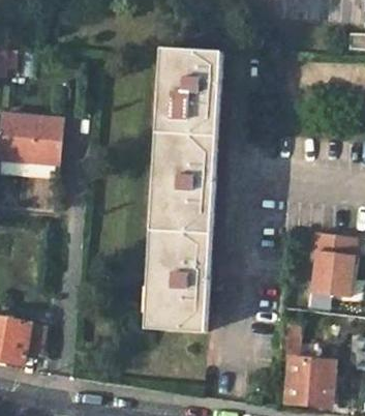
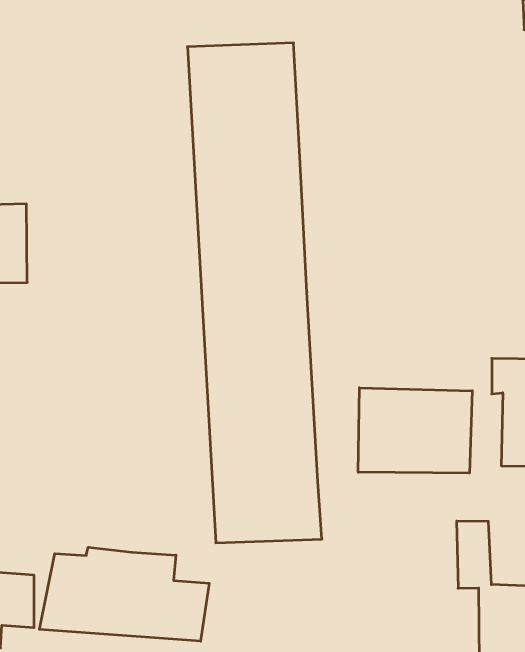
building: none -> [358,388,472,473]
building: none -> [39,547,209,641]

